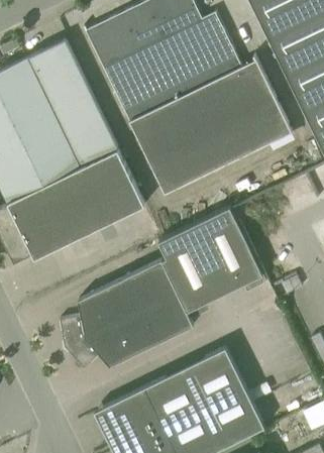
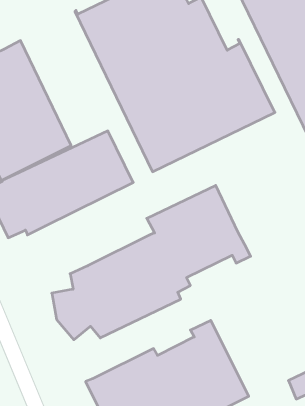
building: [27,39,118,166] -> none

